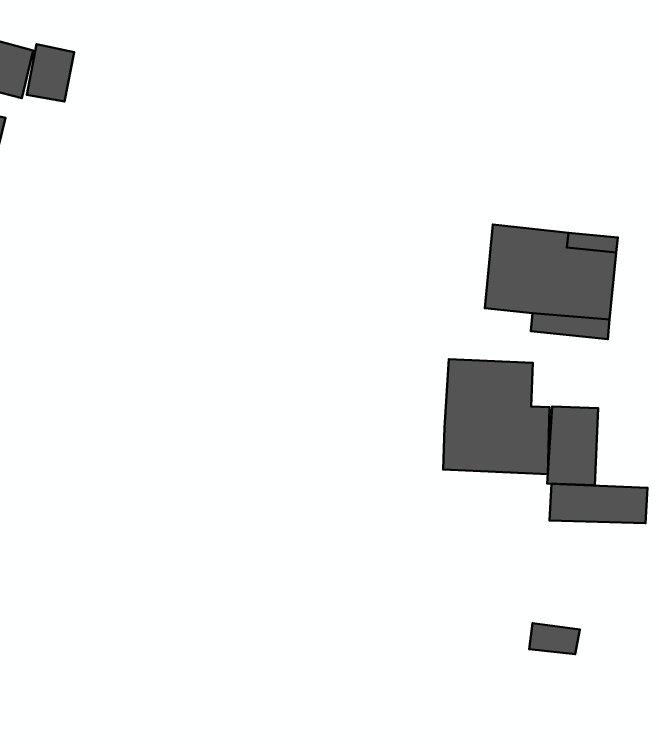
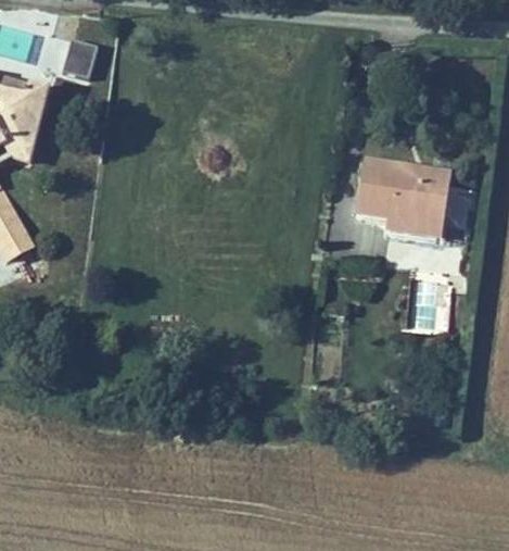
building: [443,359,550,474] -> none
building: [550,484,648,523] -> none

